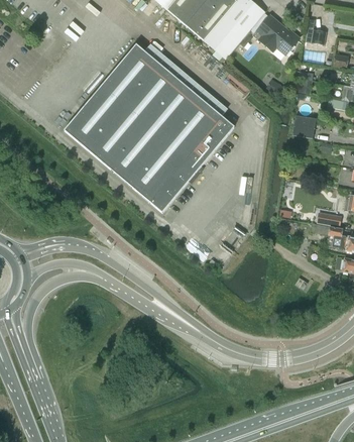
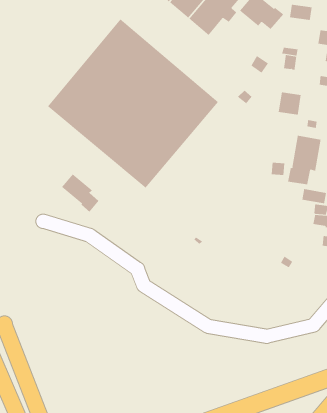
building: none -> [287,135,321,185]
building: none -> [61,173,99,213]

